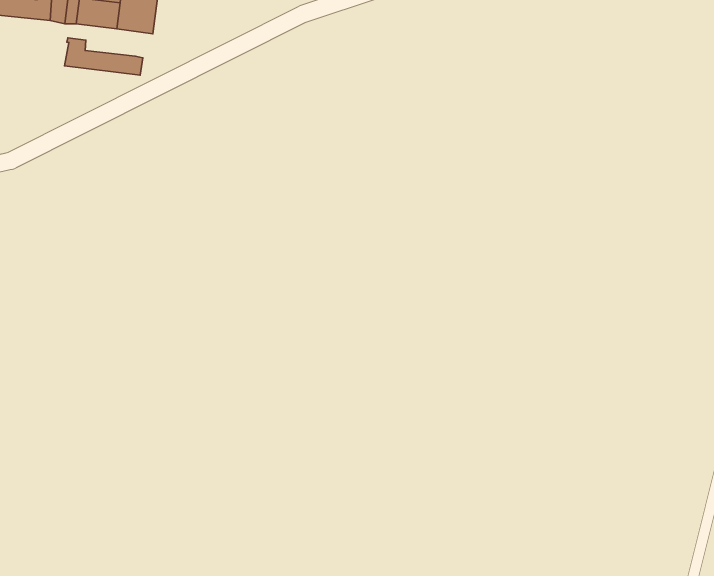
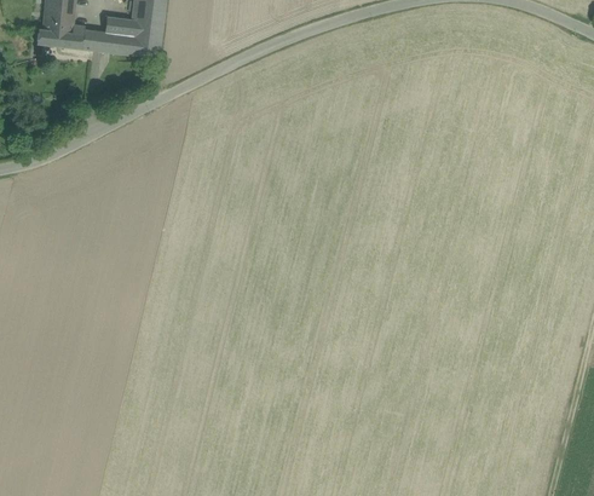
building: [64,38,143,75] -> none

